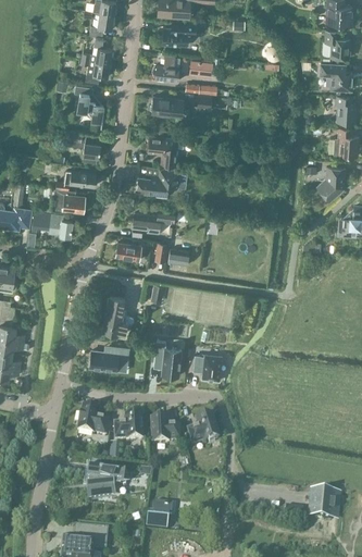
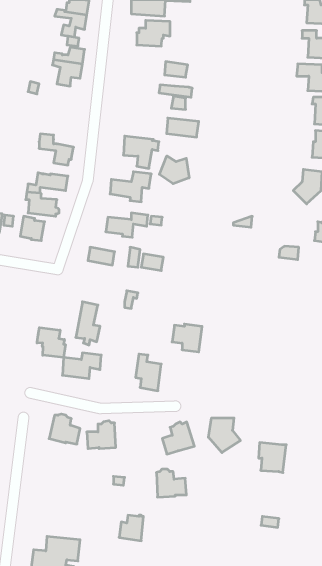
building: [152,57,180,81] -> none
building: [74,85,104,122] -> none
building: [152,97,184,115] -> [167,118,199,137]
building: none -> [159,156,189,184]
building: none -> [37,328,65,358]
building: [192,354,222,381] -> [172,324,202,352]
building: none -> [208,418,240,453]
building: [151,416,180,443] -> [156,469,186,497]
building: [87,468,125,499] -> none
building: [311,491,338,520] -> [259,443,286,473]

